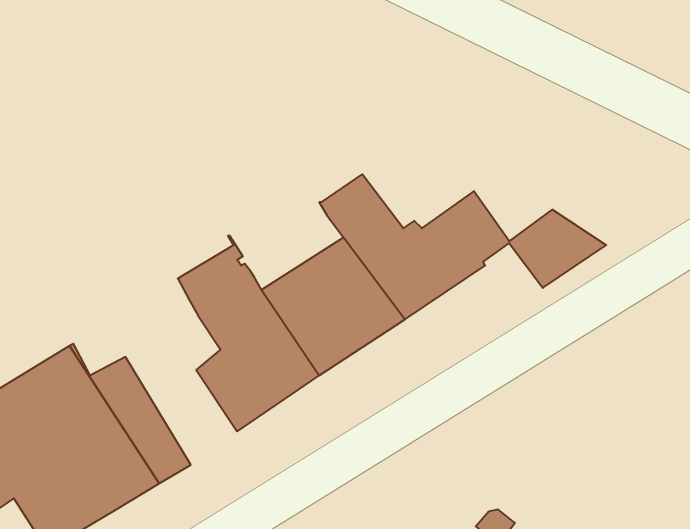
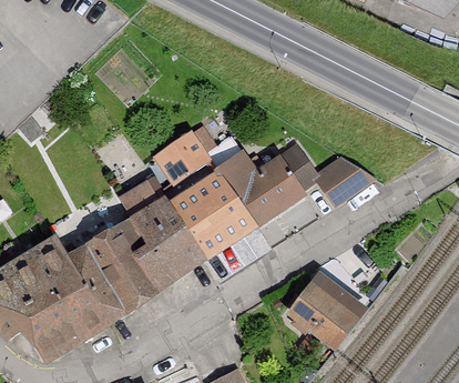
building: none -> [154,132,210,185]
building: none -> [90,212,156,311]
building: none -> [294,279,360,343]

